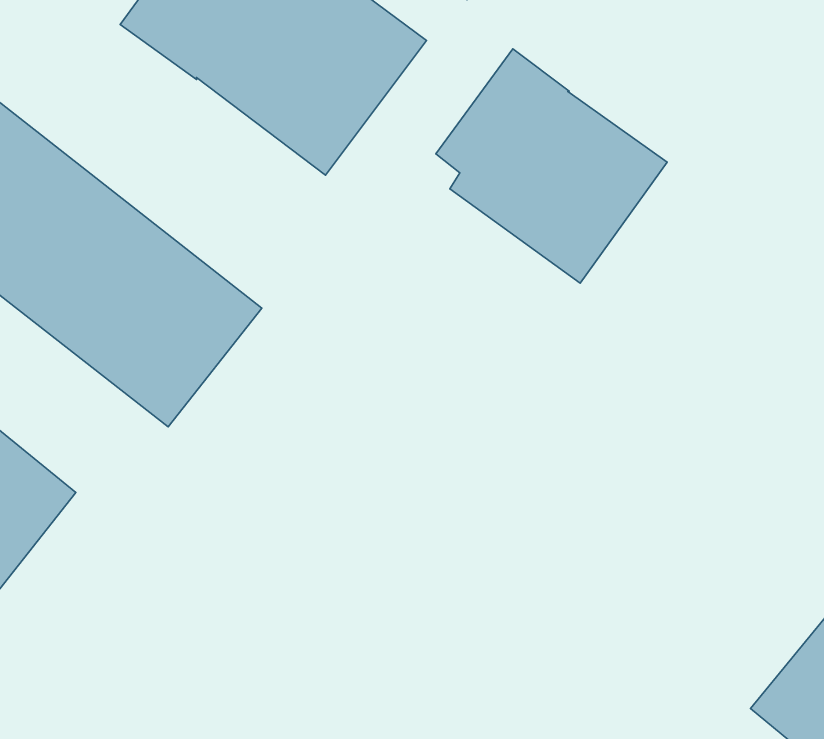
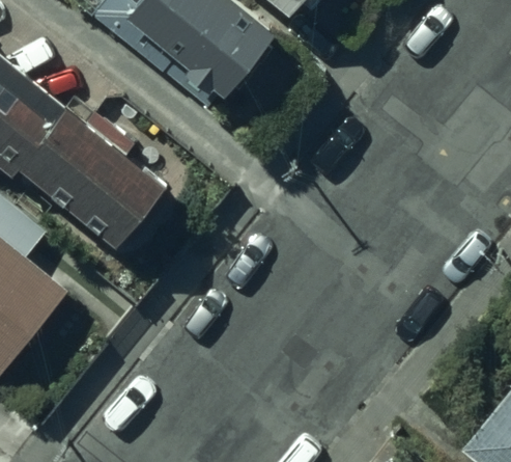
building: [436,49,667,283] -> none

